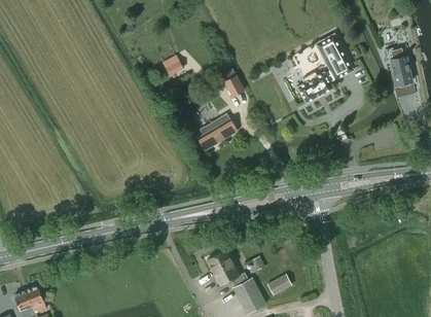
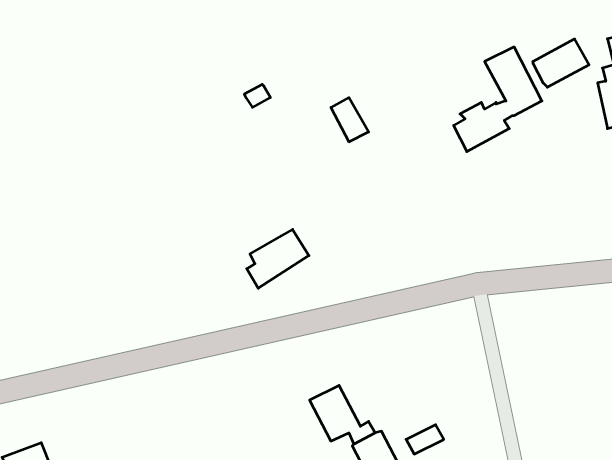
building: none -> [533,39,589,87]
building: [197,114,237,151] -> [247,229,309,288]

